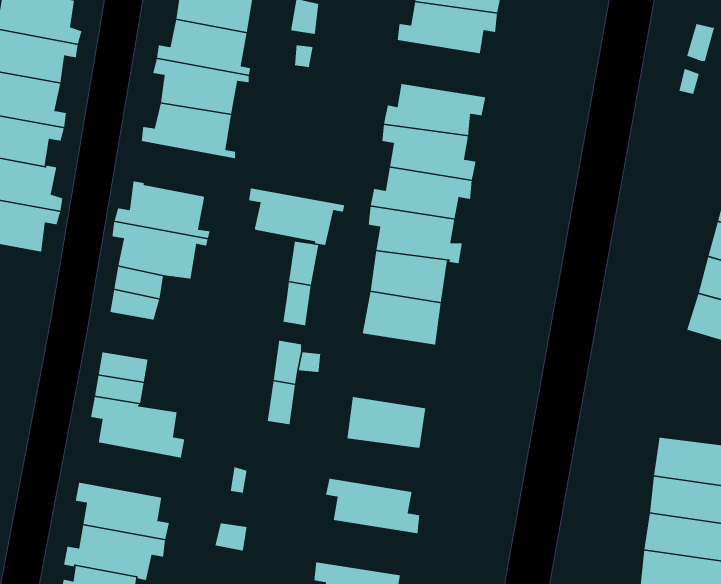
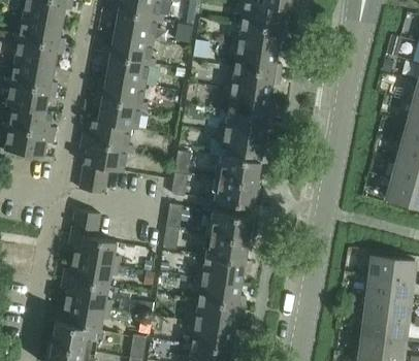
building: none -> [230,45,281,75]
building: [248,187,345,246] -> [95,99,147,130]
building: none -> [208,211,251,240]
building: none -> [196,257,251,285]
building: none -> [63,259,118,288]
building: none -> [189,300,244,329]

